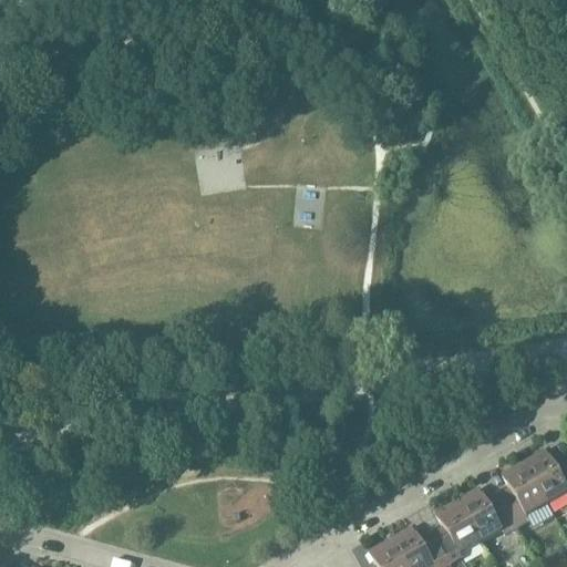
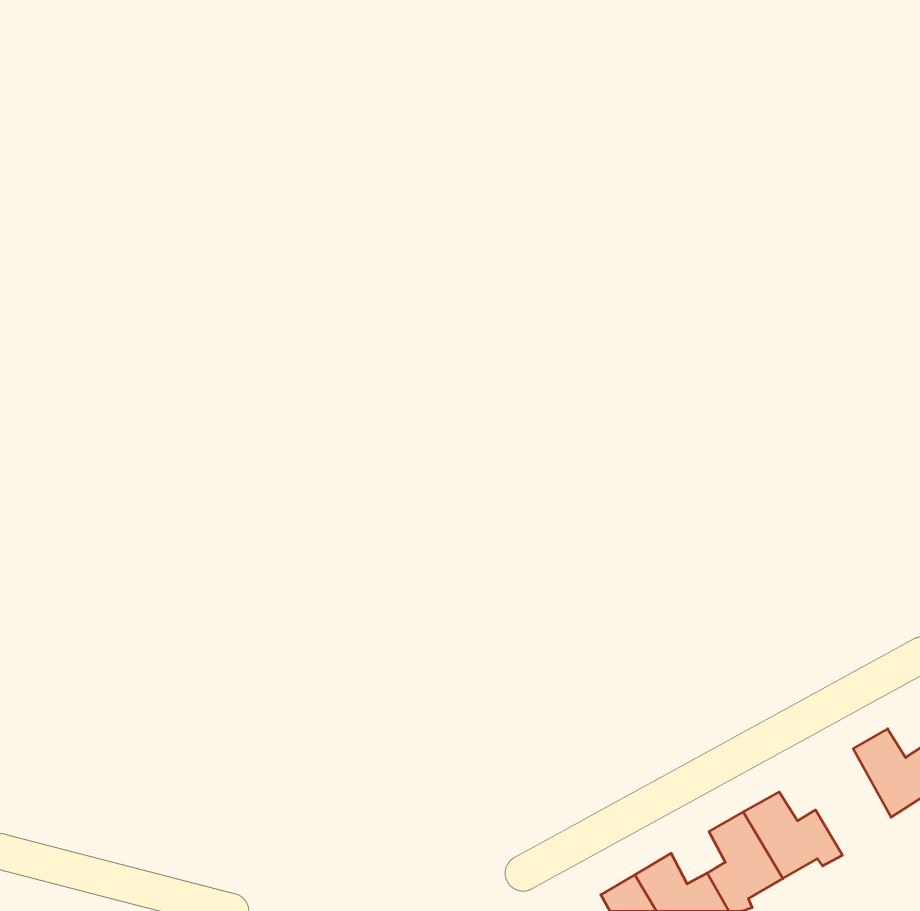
building: [502,460,548,525] -> none

